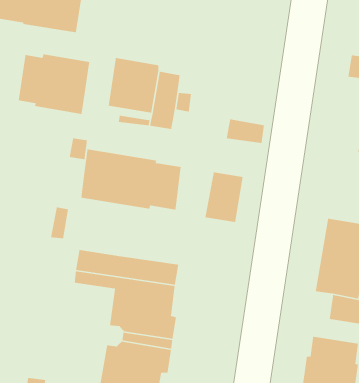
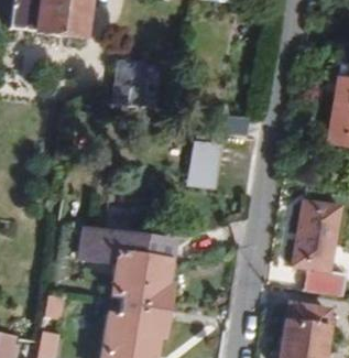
building: [18,54,90,115] -> none
building: [81,149,182,210] -> none

